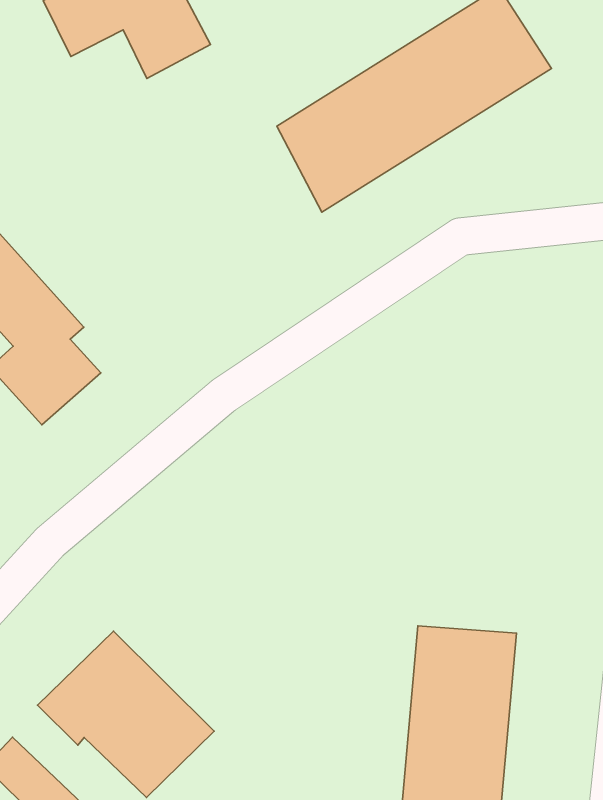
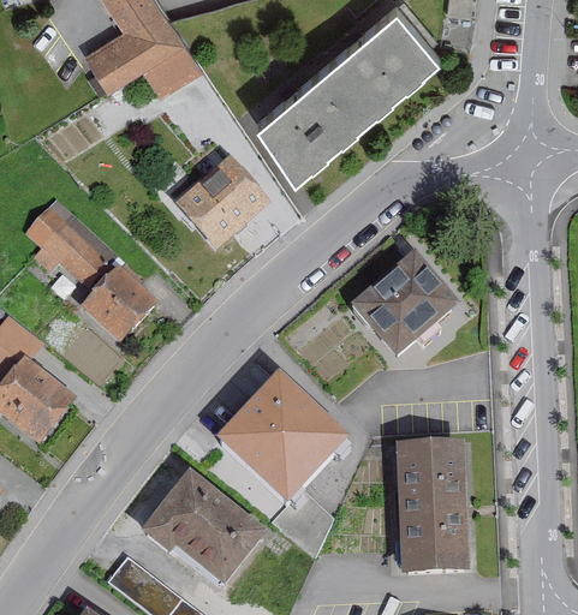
building: none -> [179,159,269,247]
building: none -> [351,253,455,357]
building: none -> [219,380,344,504]

